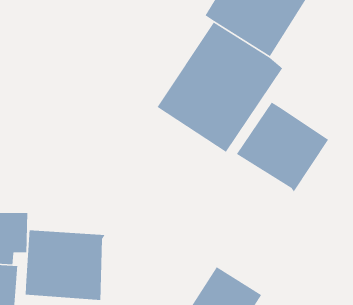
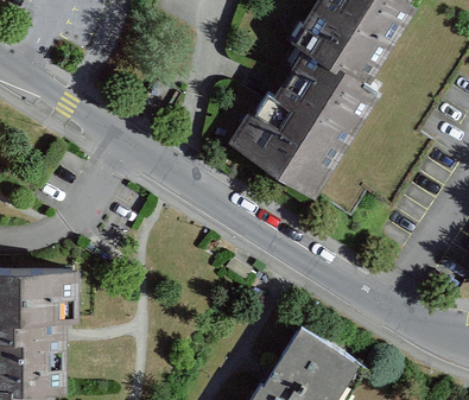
building: [236,102,329,193] -> none
building: [25,230,106,301] -> none

